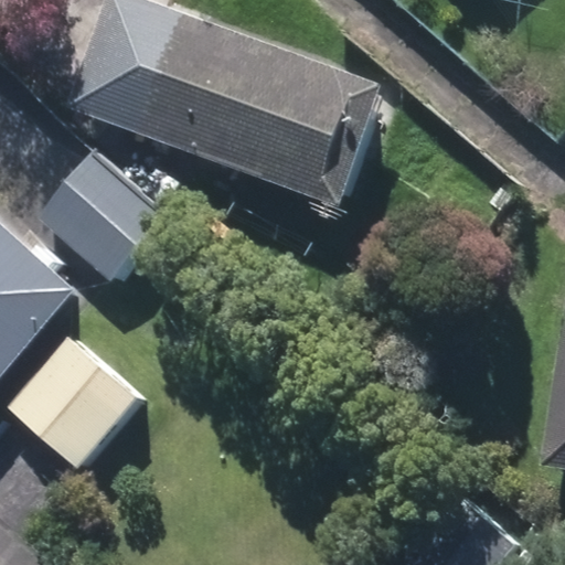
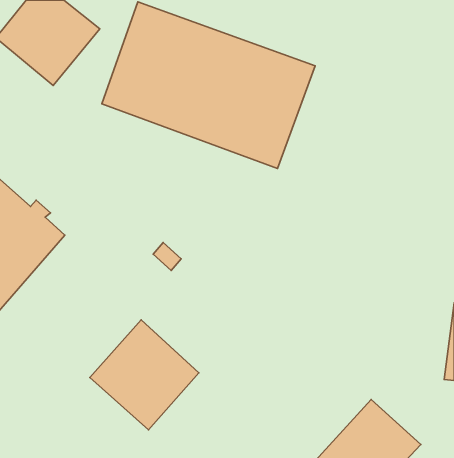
building: [36,156,166,284] -> none
building: [6,337,139,471] -> [90,320,199,430]

